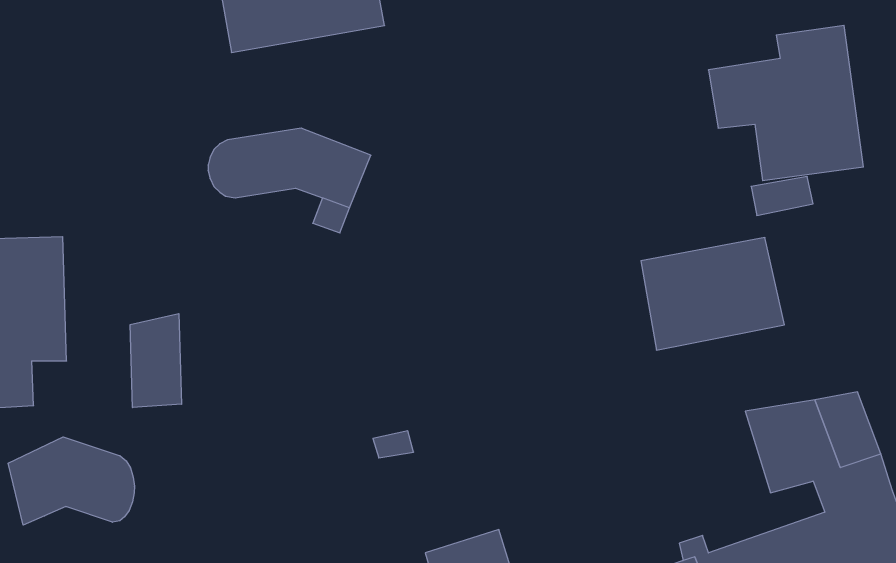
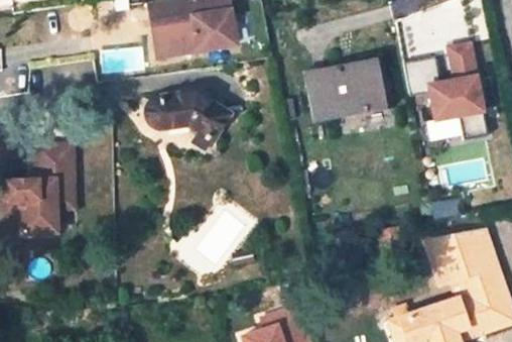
building: [641,238,784,350] -> [311,61,386,119]
building: [130,314,182,408] -> none
building: [8,437,134,525] -> none

